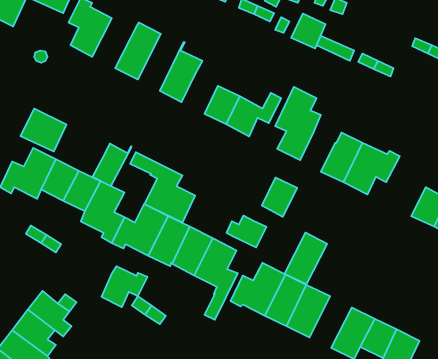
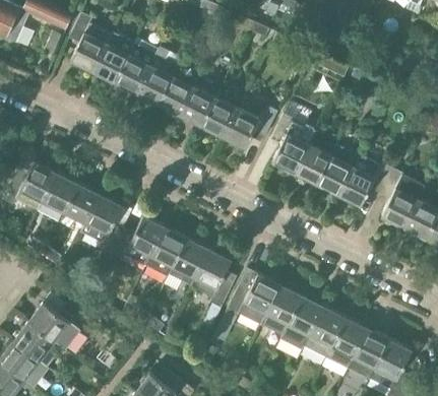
building: [291,14,326,49] -> none
building: none -> [91,32,134,83]
building: none -> [136,47,181,106]
building: none -> [179,89,214,128]
building: [21,108,66,152] -> none
building: [93,143,132,186] -> none
building: [130,152,195,223] -> none
building: none -> [379,170,425,228]
building: [262,178,297,217] -> [295,146,329,185]
building: [226,216,266,248] -> none
building: [285,232,327,284] -> [304,307,346,357]
building: [101,266,148,307] -> none

